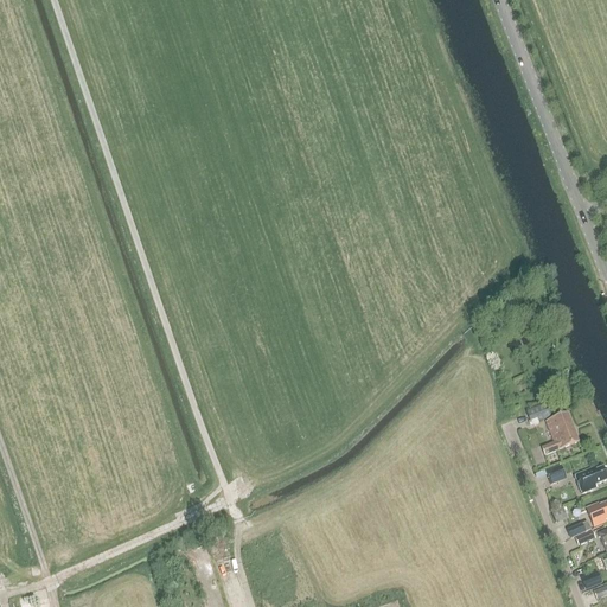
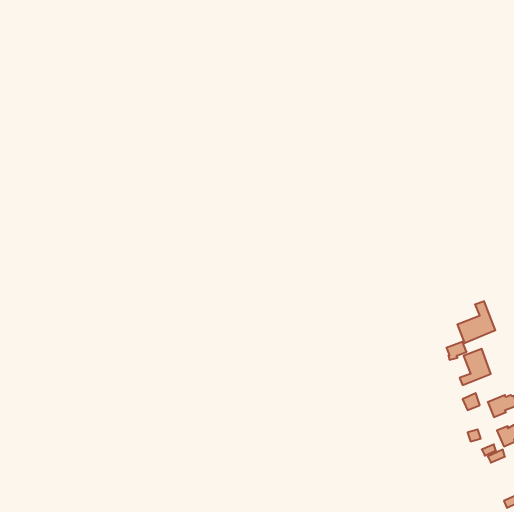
building: none -> [457,301,495,343]

